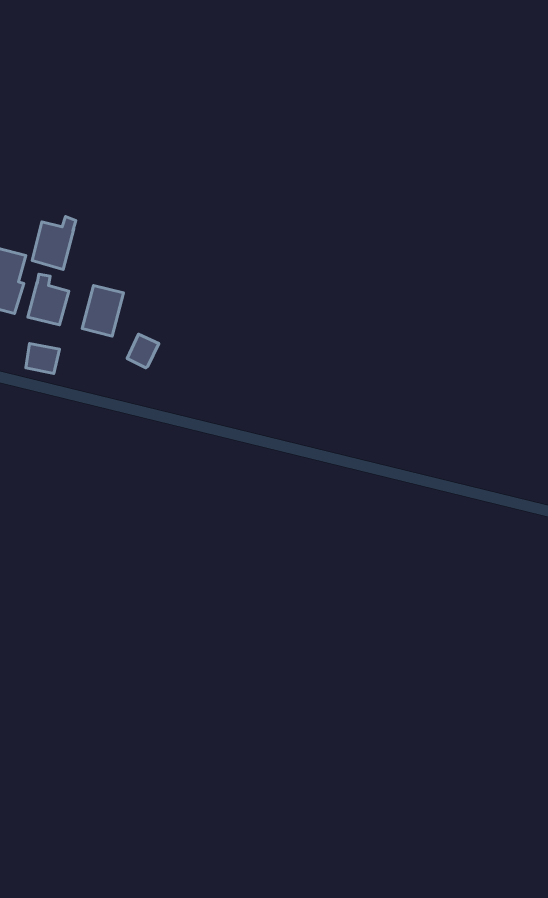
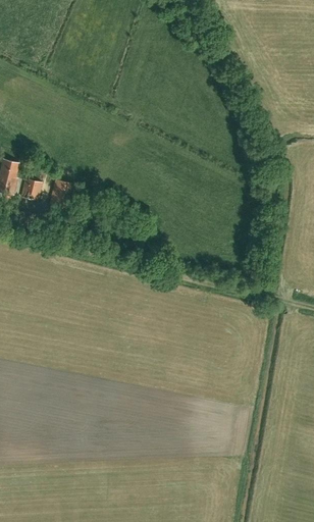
building: [32,217,76,269] -> none

